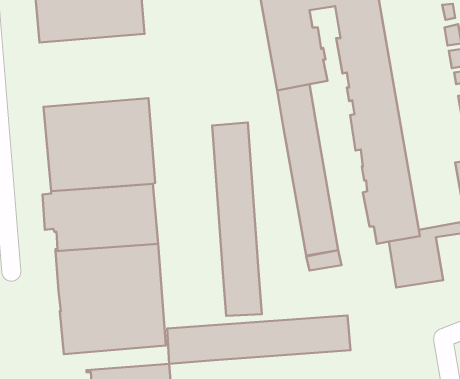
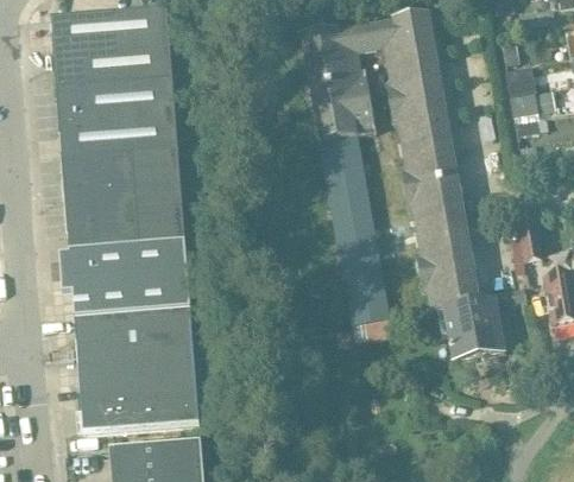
building: none -> [57,76,178,157]
building: [212,122,262,316] -> none
building: [167,315,350,364] -> none

